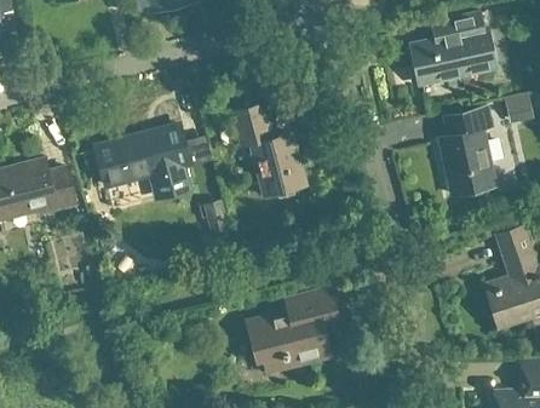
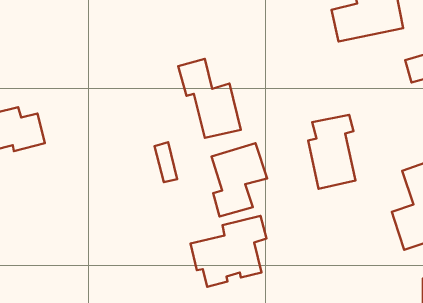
building: [440,107,495,194] -> [308,115,355,189]
building: [96,123,190,195] -> none
building: none -> [212,143,267,216]

